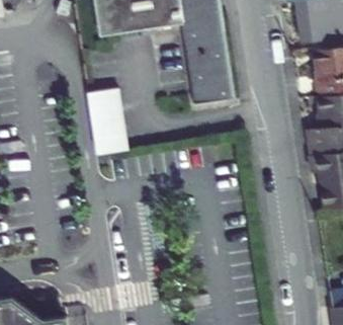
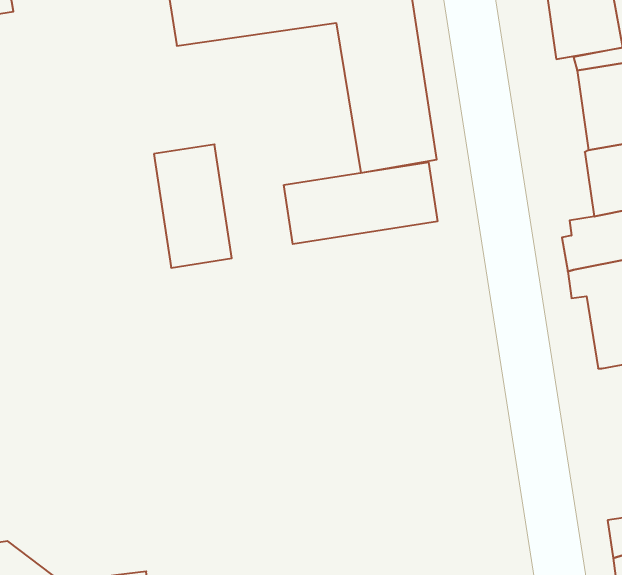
building: none -> [284,162,437,244]

